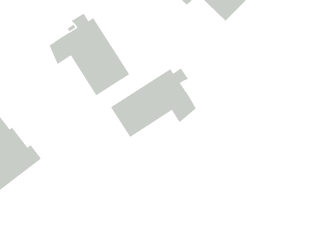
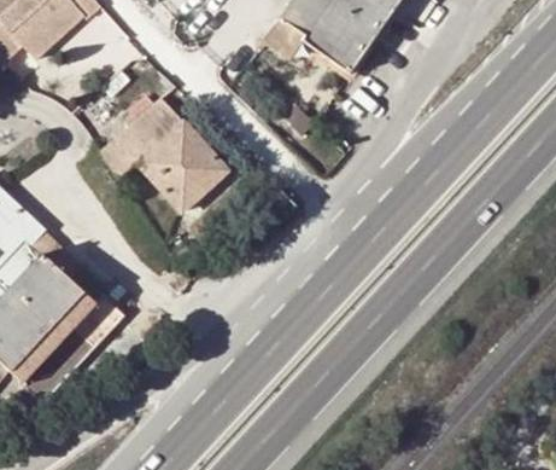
building: [110,68,197,138] -> none

